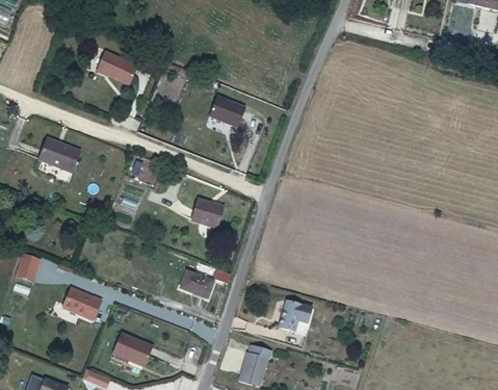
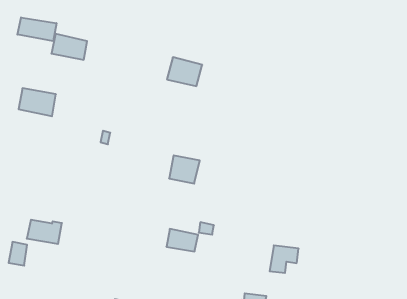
building: none -> [17,17,56,41]
building: [35,134,76,167] -> [19,88,56,116]
building: [63,290,102,319] -> [27,220,62,244]

